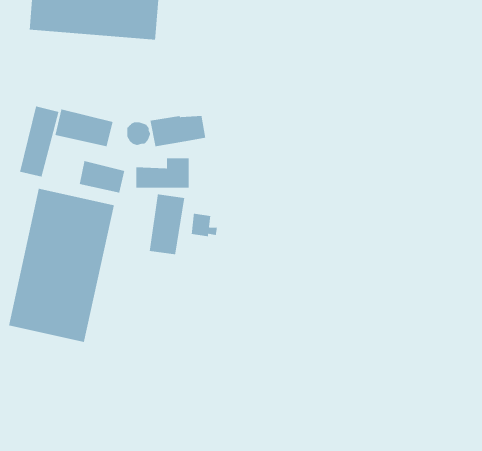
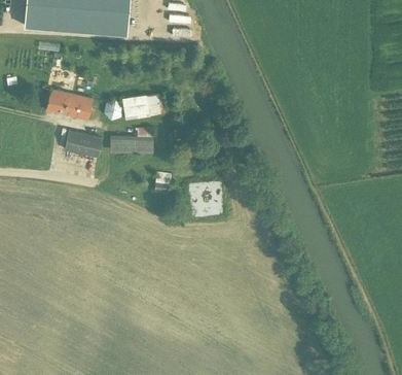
building: [19,105,59,177] -> none
building: [8,188,115,343] -> none
building: [149,193,185,255] -> none

